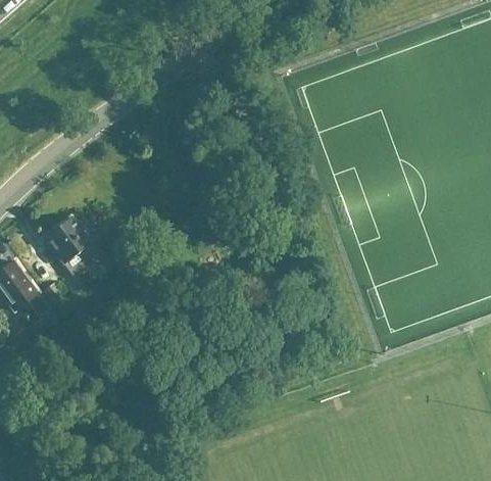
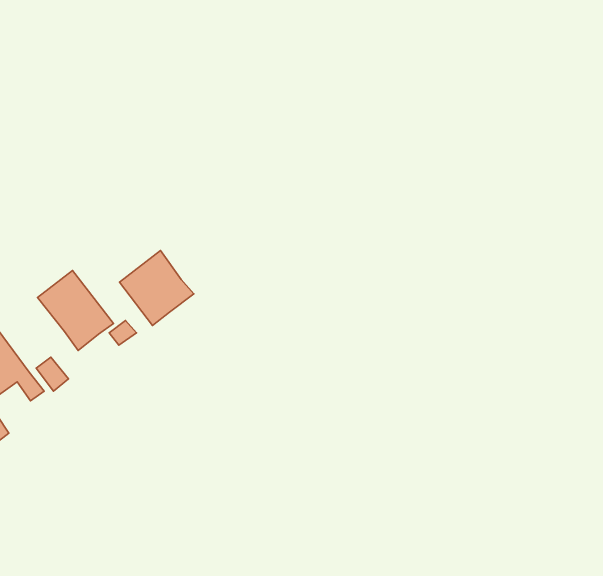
building: none -> [119,251,194,325]

